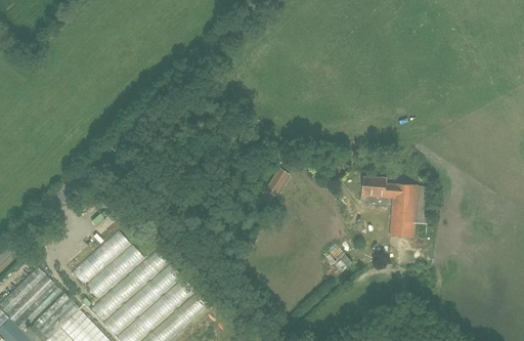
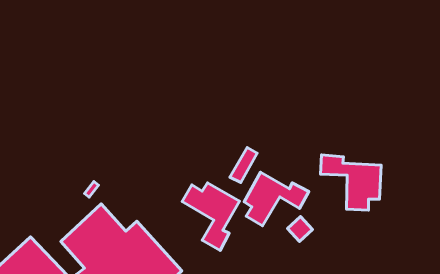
building: none -> [244,172,309,226]
building: none -> [182,183,239,250]

